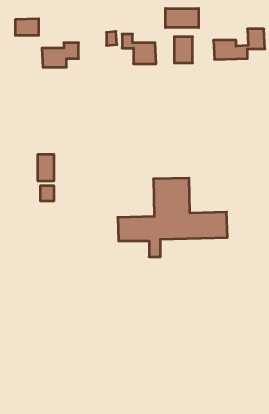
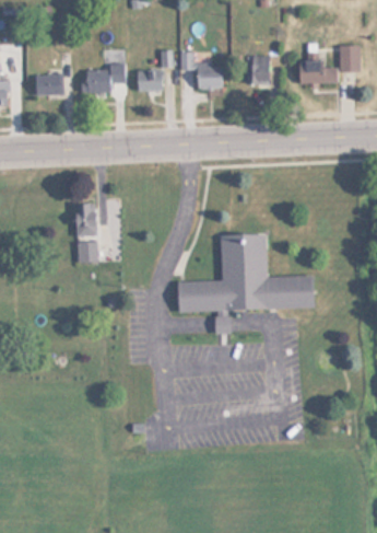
building: [165,8,199,28] -> none
building: [15,19,39,35] -> [34,73,63,94]
building: none -> [136,69,163,89]

